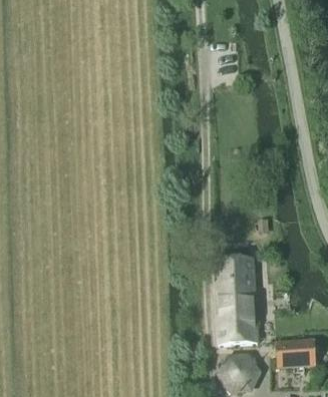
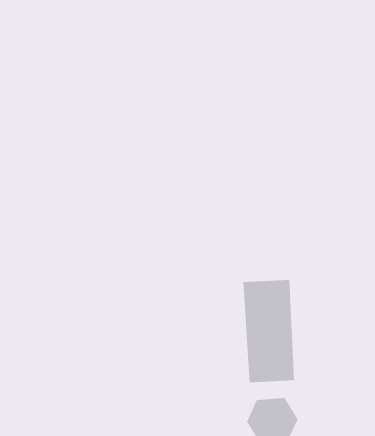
building: [275,340,315,367] -> none

